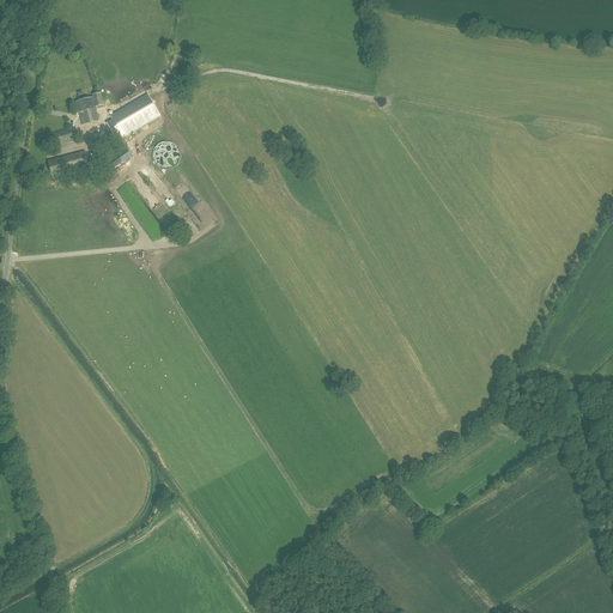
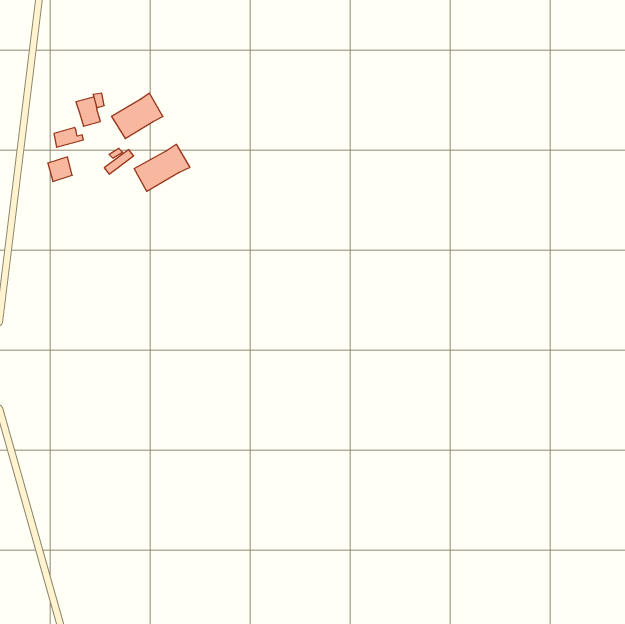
building: none -> [134,144,190,191]

